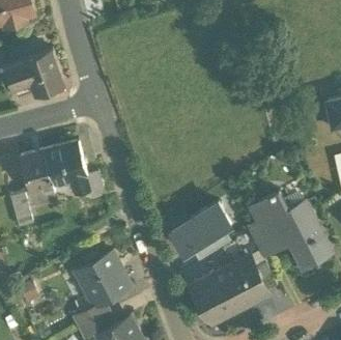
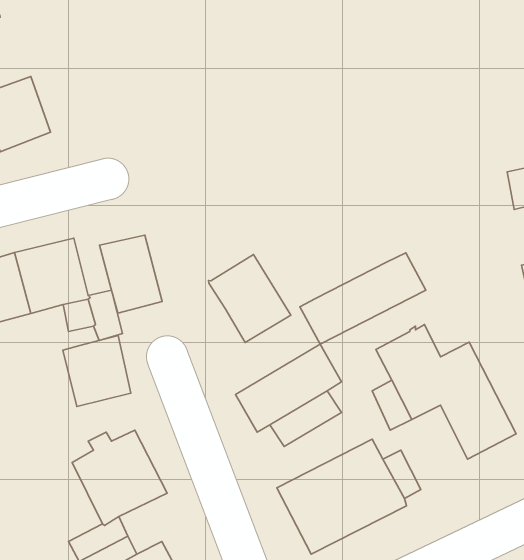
building: none -> [99,235,162,313]
building: none -> [300,253,426,344]
building: none -> [209,254,291,343]
building: none -> [63,336,131,407]

